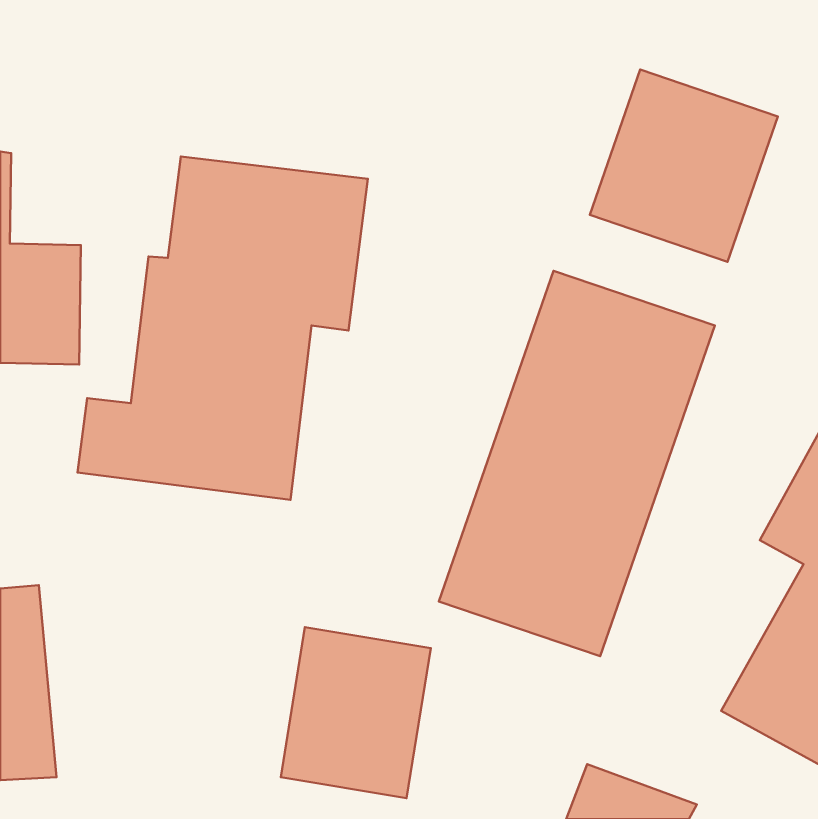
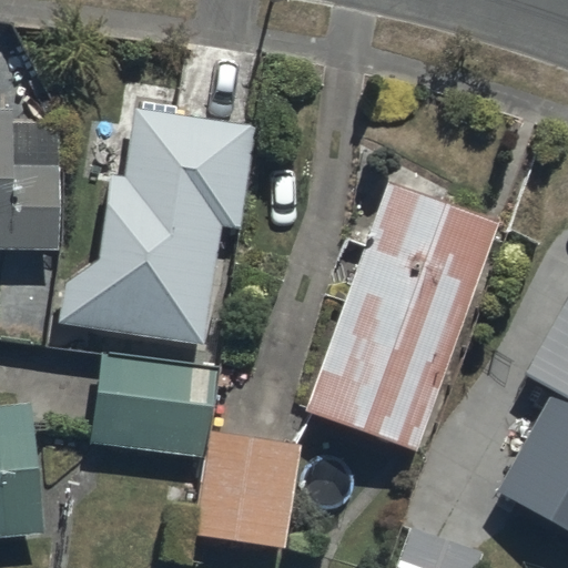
building: [590,69,778,262] -> none
building: none -> [93,352,215,454]

